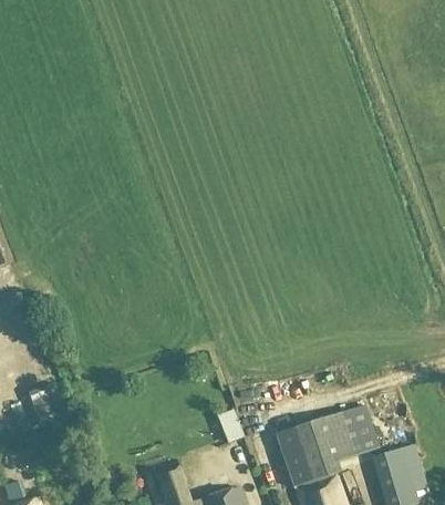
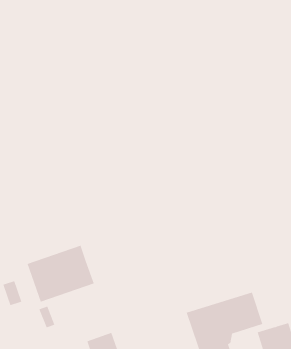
building: none -> [27,245,94,302]

